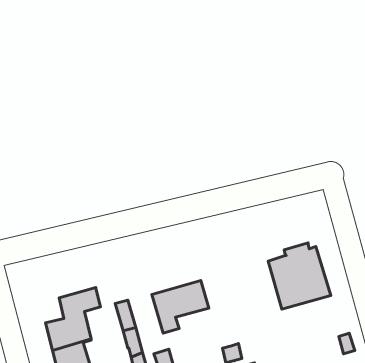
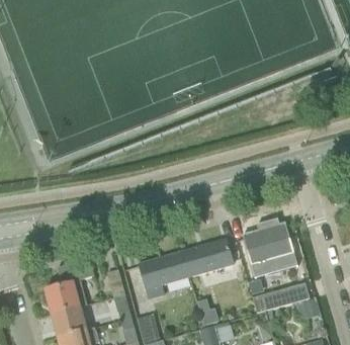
building: none -> [182,239,233,276]
building: none -> [252,287,291,313]

